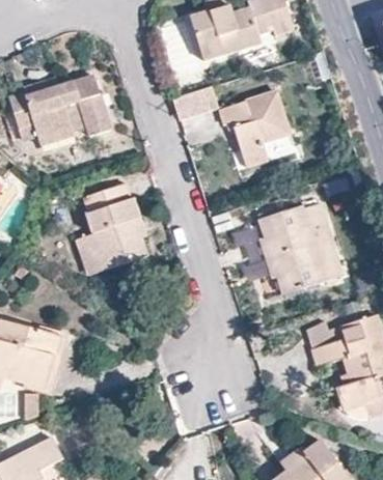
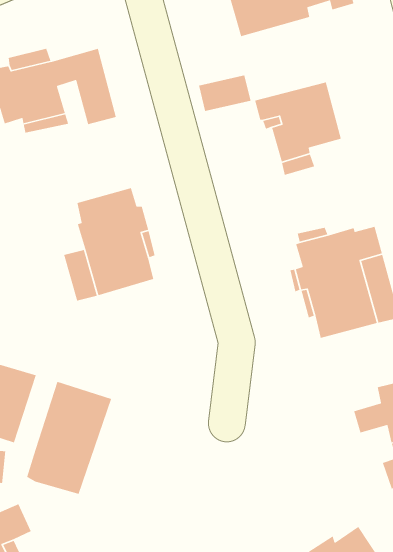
building: none -> [26,381,112,495]

